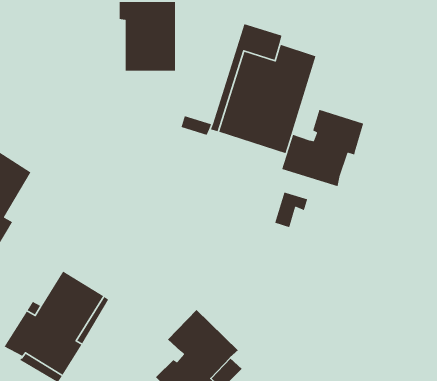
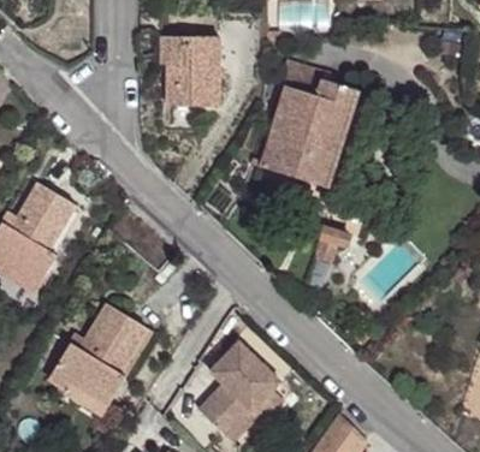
building: [281,109,364,187] -> none

